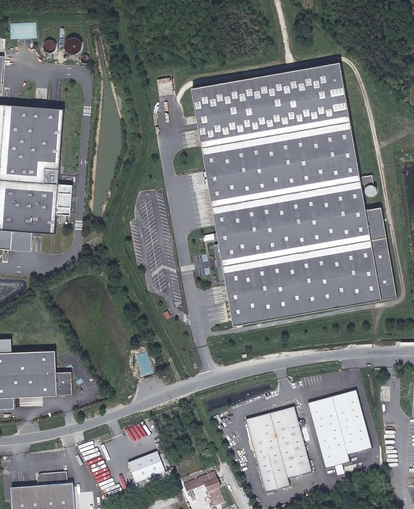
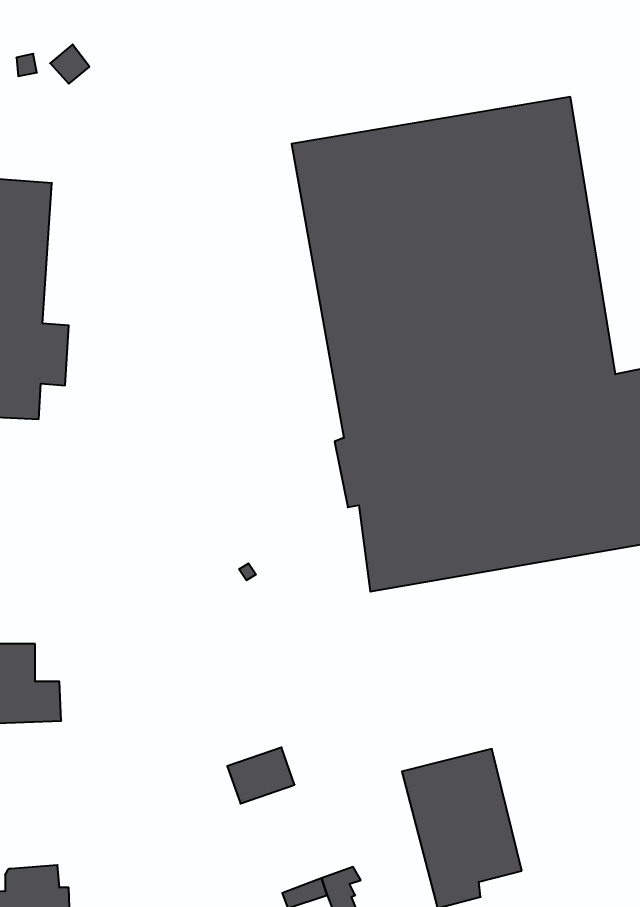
building: [307,391,372,471] -> none
building: [129,453,165,483] -> [227,747,295,804]

